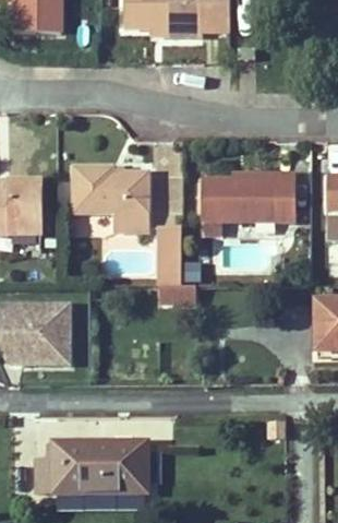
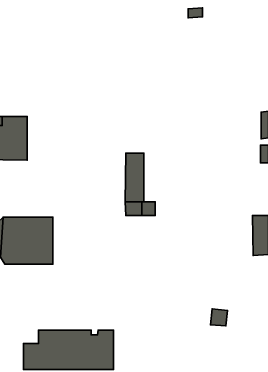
building: [73,166,148,230] -> none
building: [202,173,293,236] -> none

